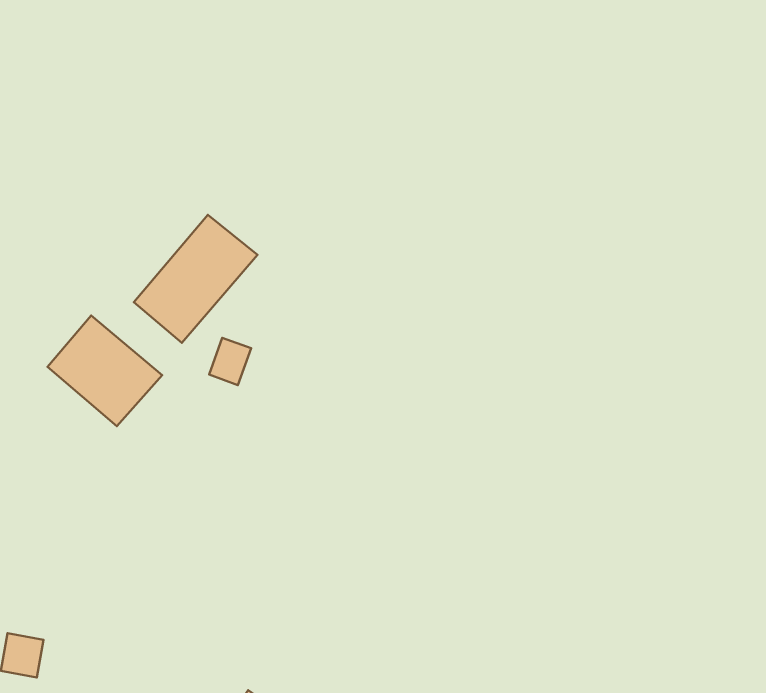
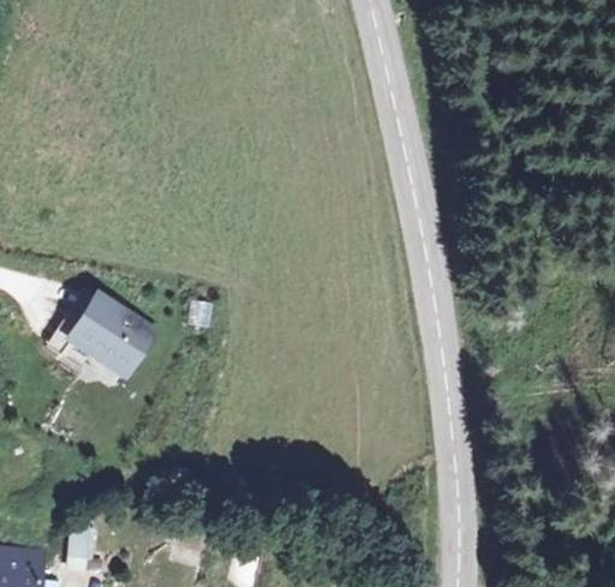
building: [134,215,257,343] -> none

